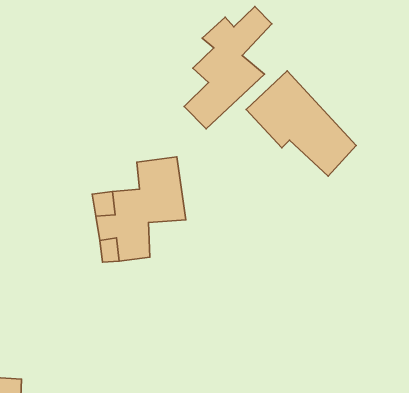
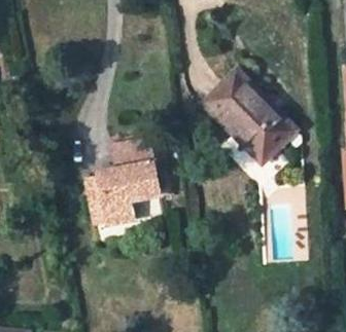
building: [184,6,272,129] -> none

